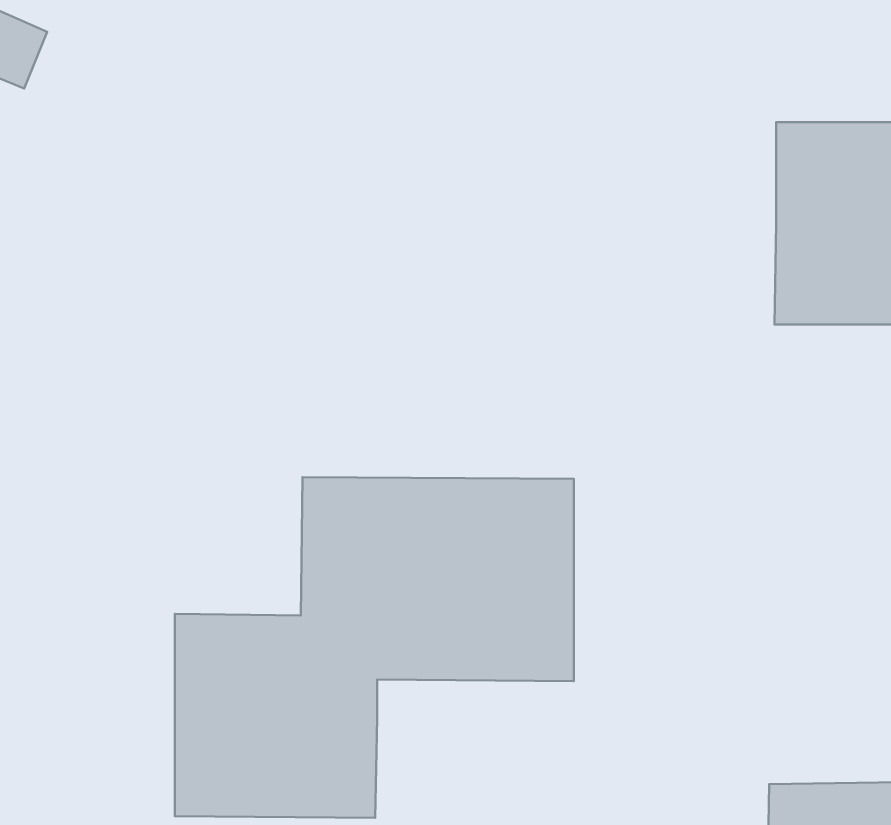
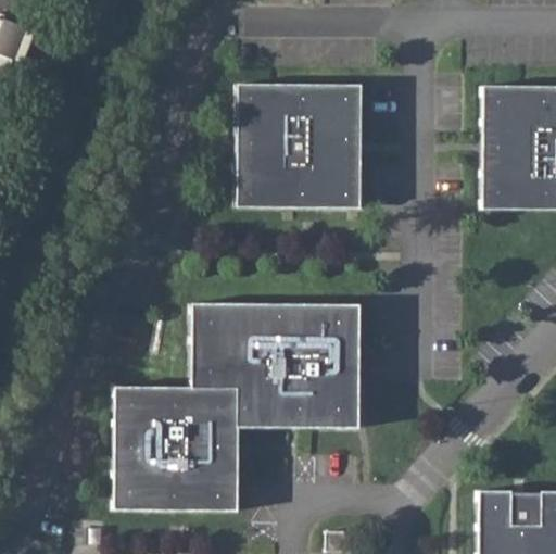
building: none -> [237,85,362,209]

